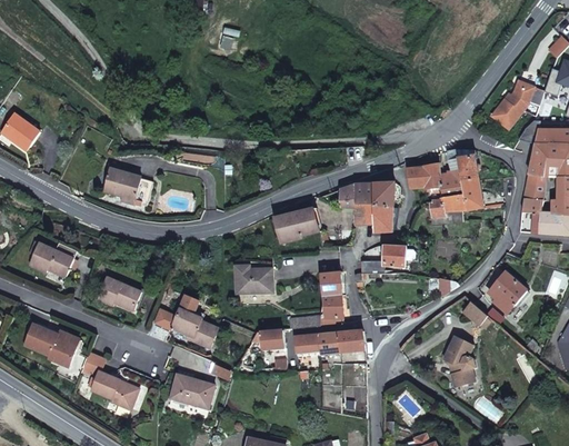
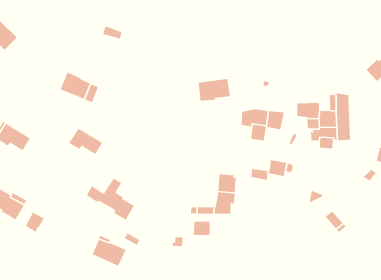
building: [373,206,392,232] -> none
building: [274,208,319,242] -> [198,78,231,102]
building: [236,265,272,293] -> none
building: [487,271,527,313] -> none
building: [97,277,141,309] -> [68,128,103,155]
building: [249,330,283,349] -> none
building: [318,330,365,354] -> none
building: [442,336,476,387] -> none
building: [90,371,138,409] -> none

